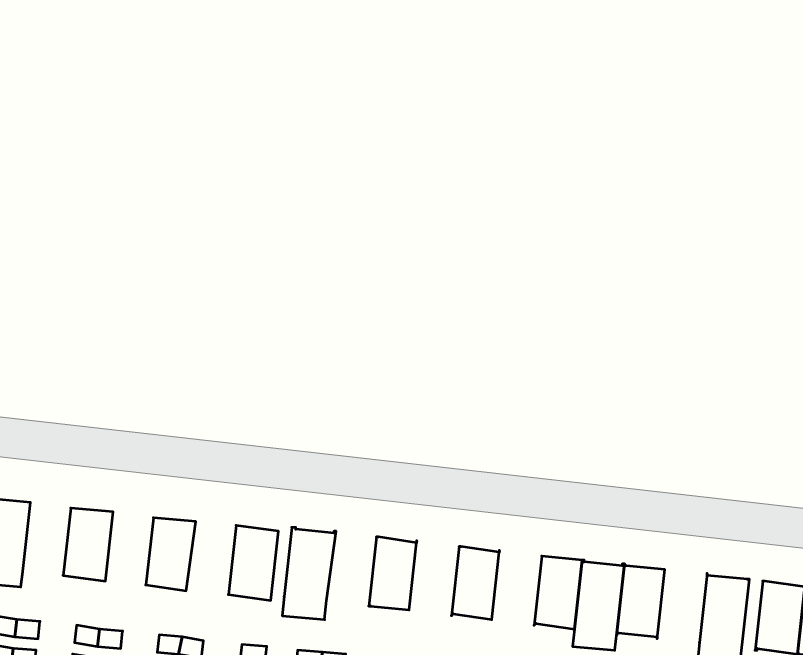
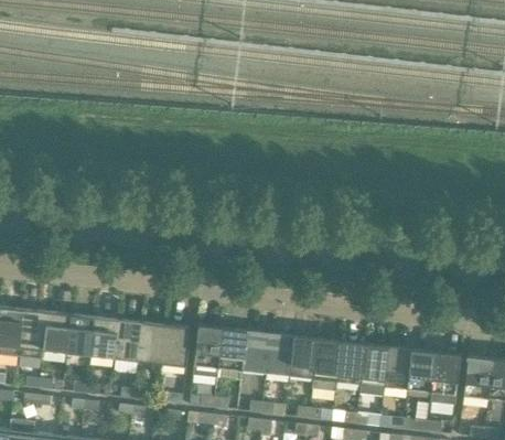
building: none -> [44,311,72,353]
building: none -> [92,316,119,358]
building: none -> [138,322,166,364]
building: none -> [218,328,247,371]
building: none -> [266,333,294,376]
building: none -> [312,339,342,391]
building: none -> [408,350,437,391]

